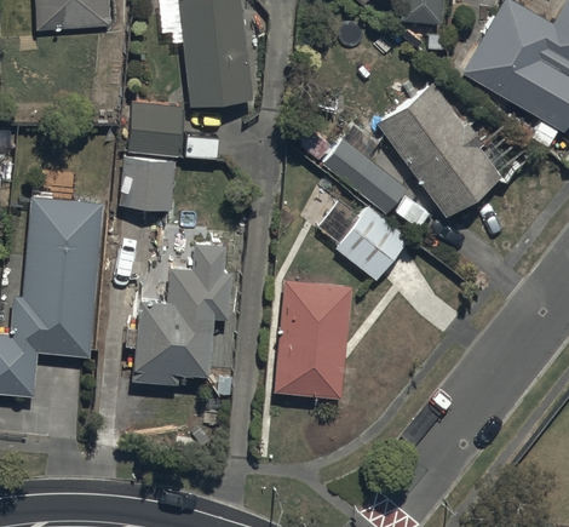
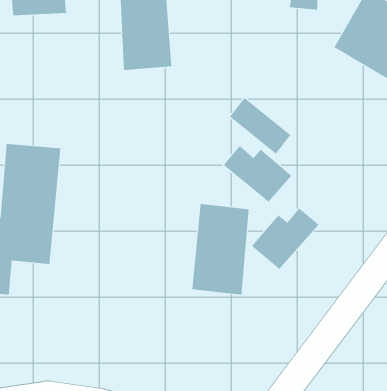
building: [374,79,500,213] -> none
building: [121,105,183,211] -> none
building: [132,240,231,386] -> none
building: none -> [251,207,319,270]

